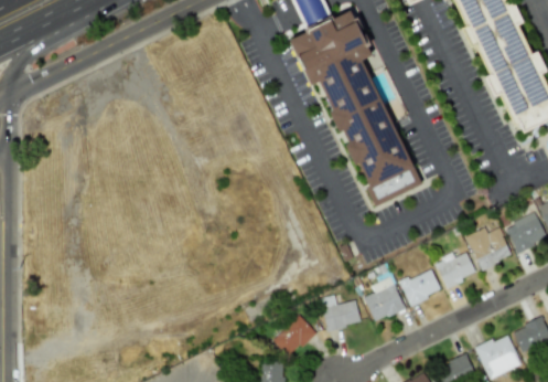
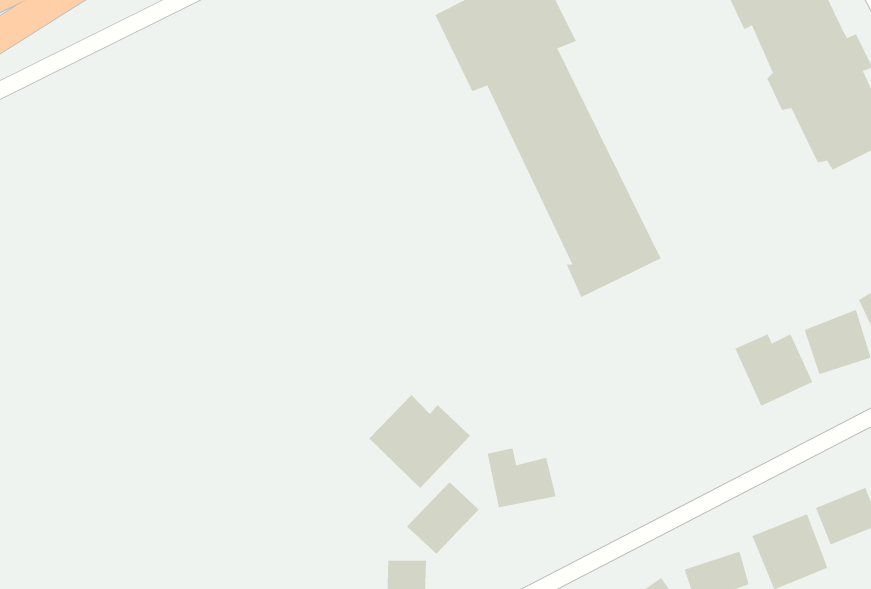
building: [434,253,475,287] -> none
building: none -> [368,394,471,489]
building: [400,268,441,305] -> none
building: [363,276,405,322] -> none

